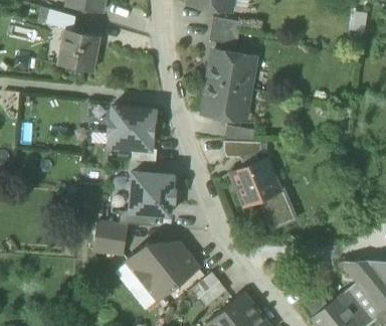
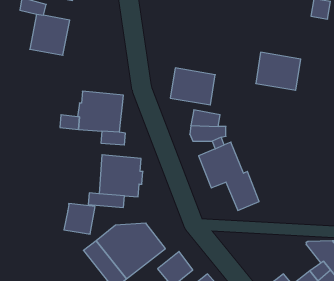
building: [209,17,240,45] -> none
building: [208,50,254,90] -> [256,52,301,90]

